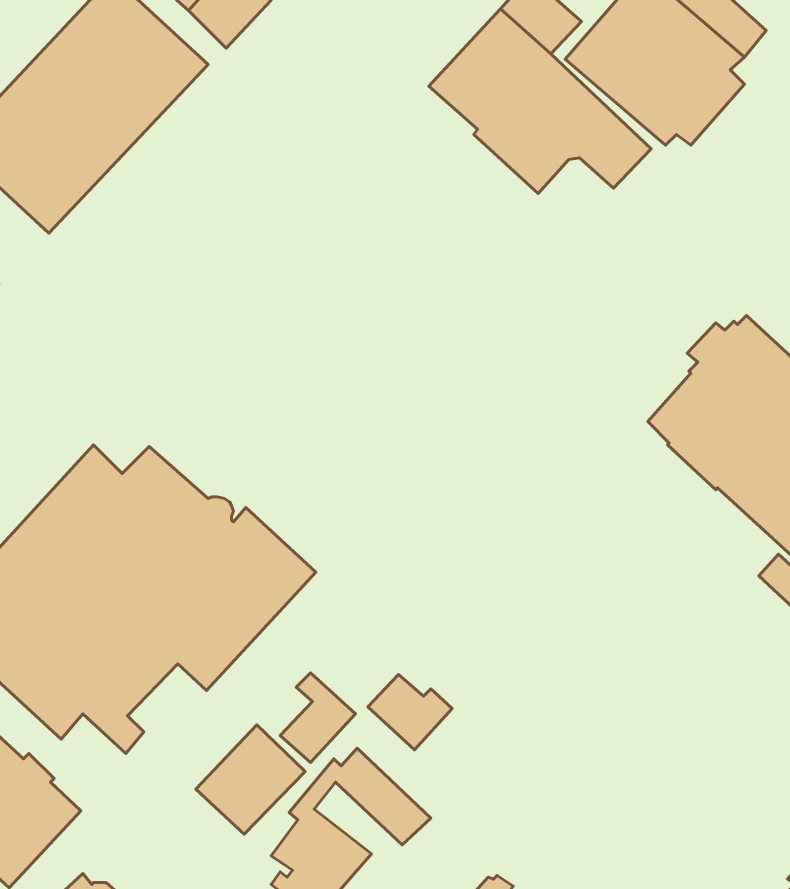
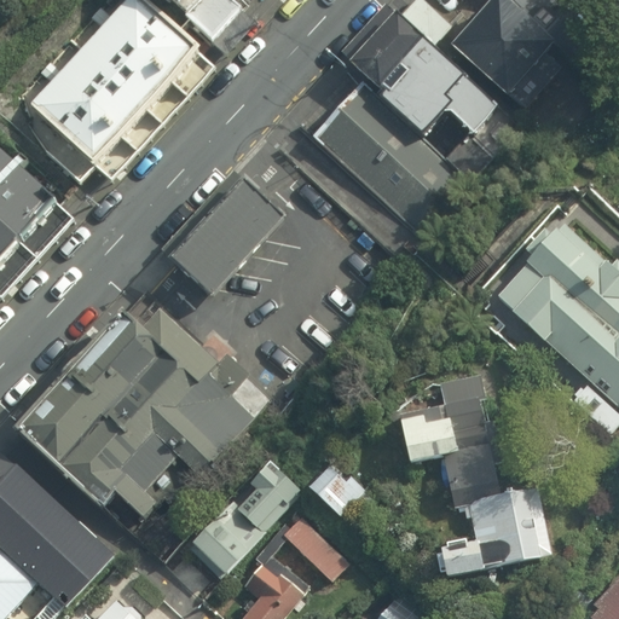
building: none -> [312,85,470,236]
building: none -> [167,178,287,302]
building: none -> [398,371,550,575]

